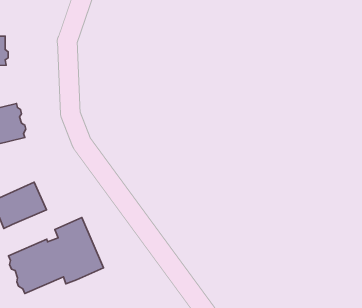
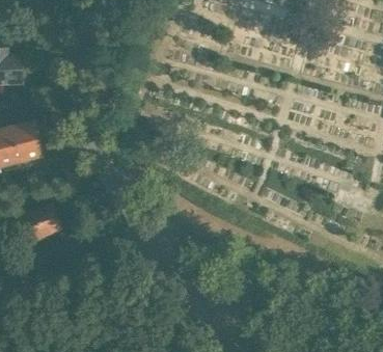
building: [8,218,104,293] -> none

